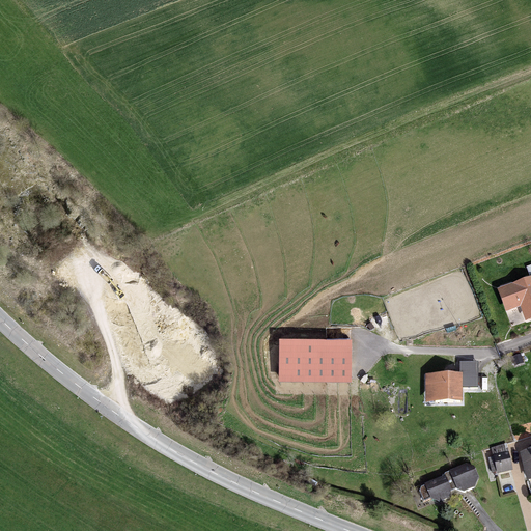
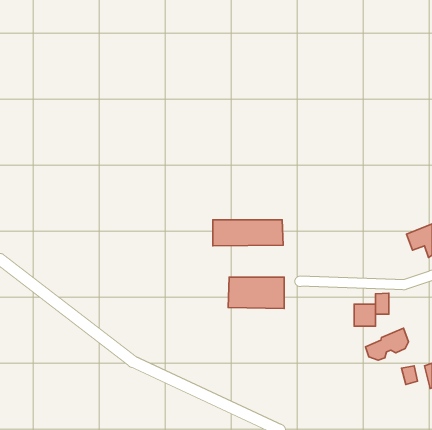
building: none -> [213,220,283,246]
building: [425,460,478,500] -> [365,328,409,360]

